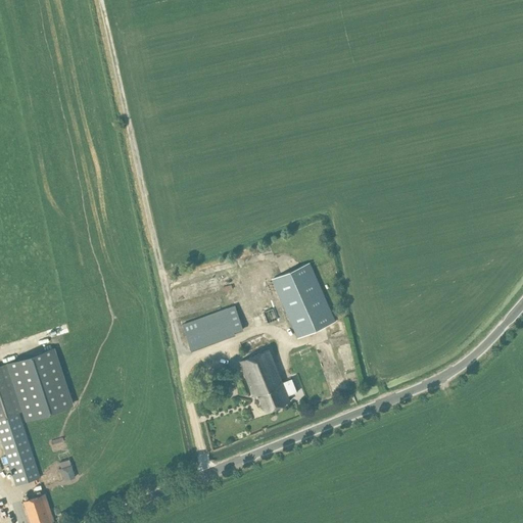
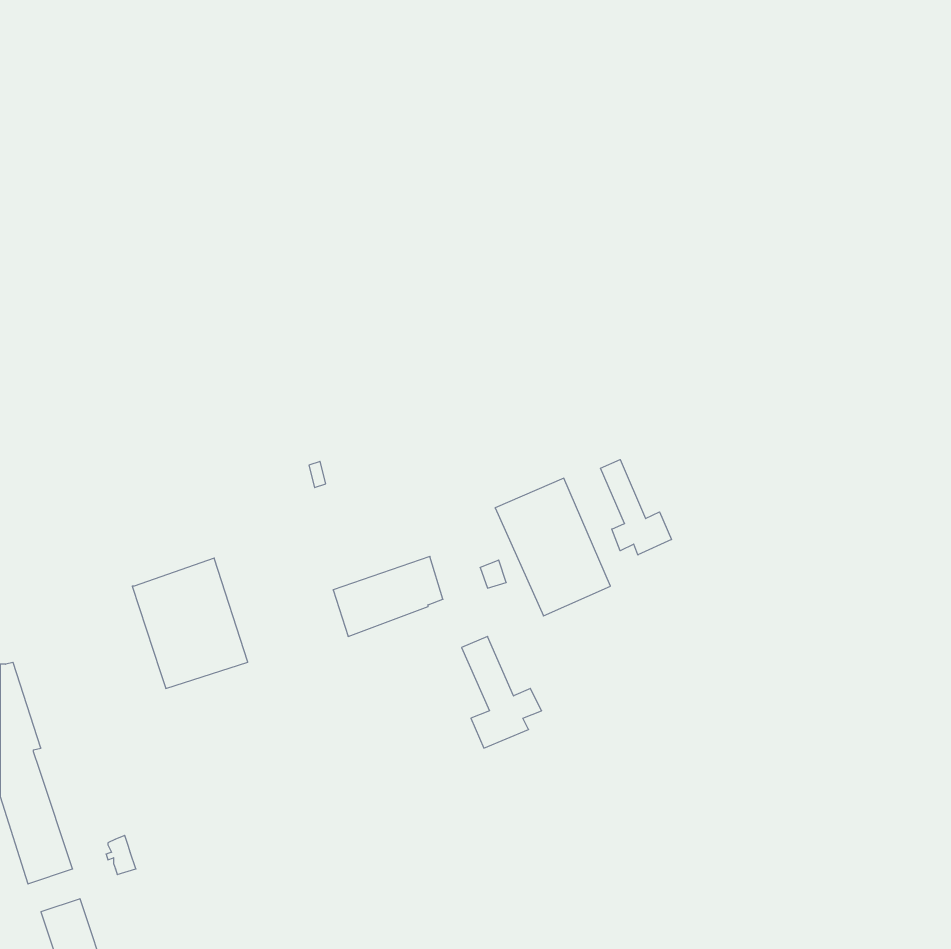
building: none -> [601,460,671,555]
building: [7,349,70,421] -> [132,558,248,688]
building: [239,356,269,397] -> none

